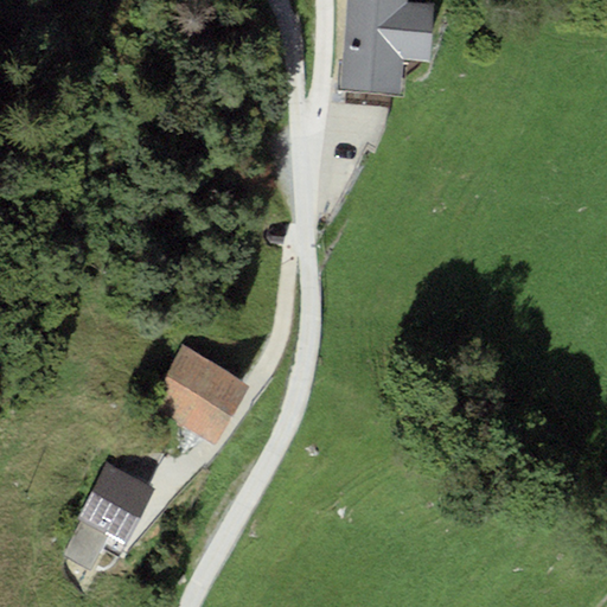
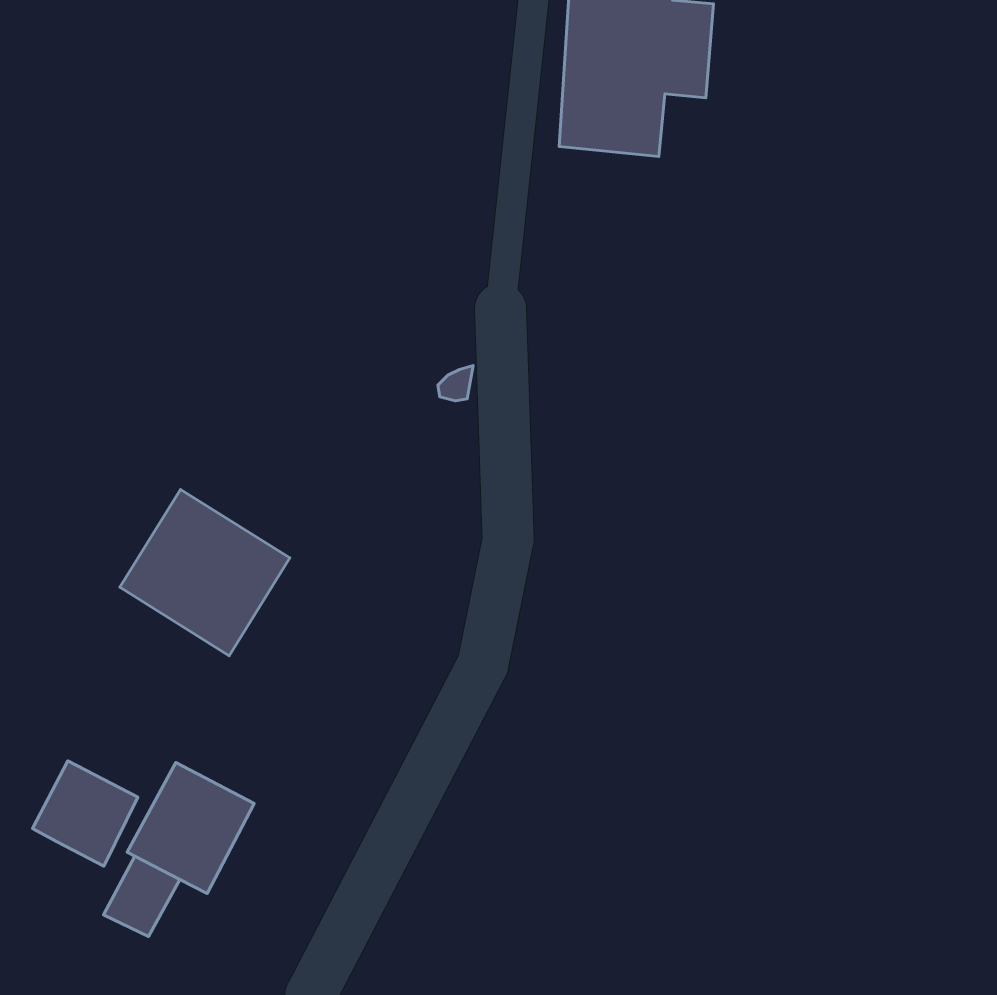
building: [147,343,250,443] -> [120,490,290,656]
building: none -> [33,761,138,866]

